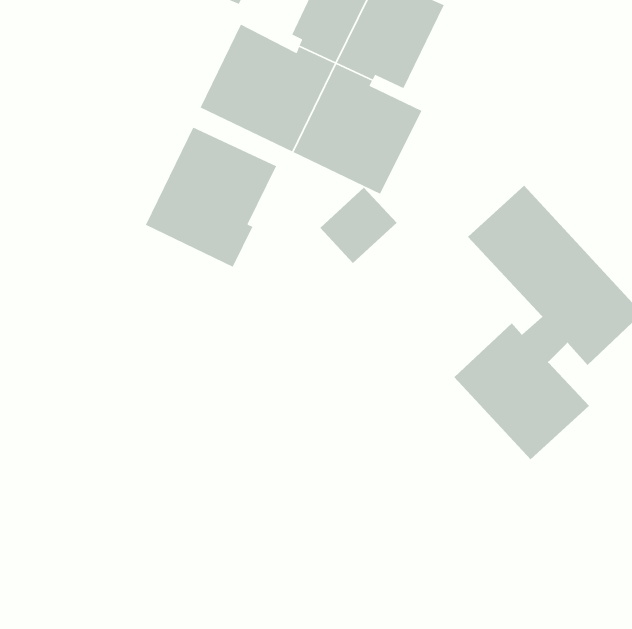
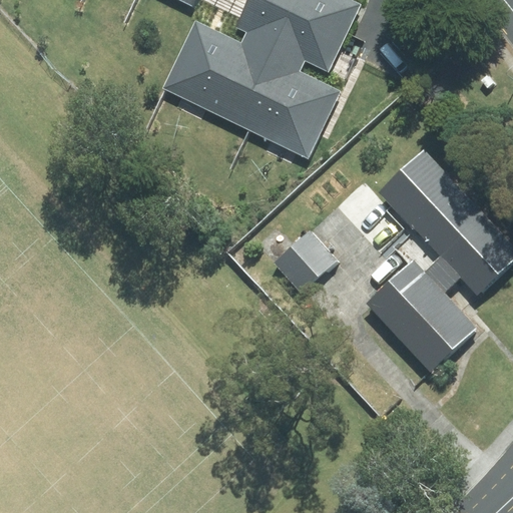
building: [145,127,277,268] -> none
building: [319,187,397,264] -> [274,230,337,293]

